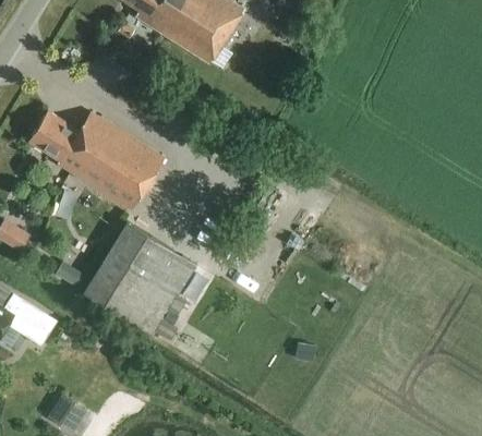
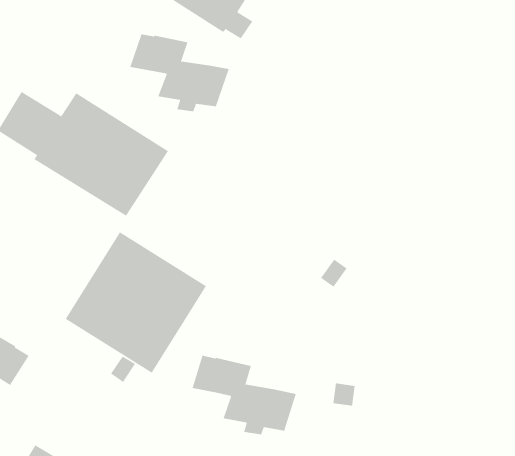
building: none -> [129,33,230,112]
building: none -> [192,355,296,435]

